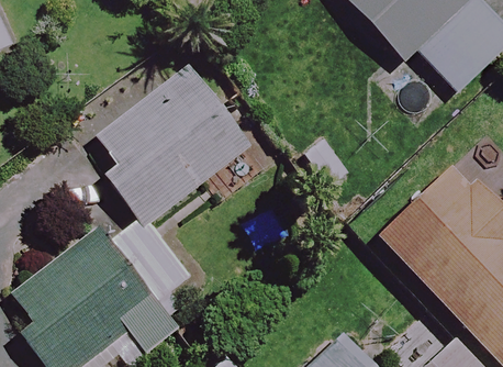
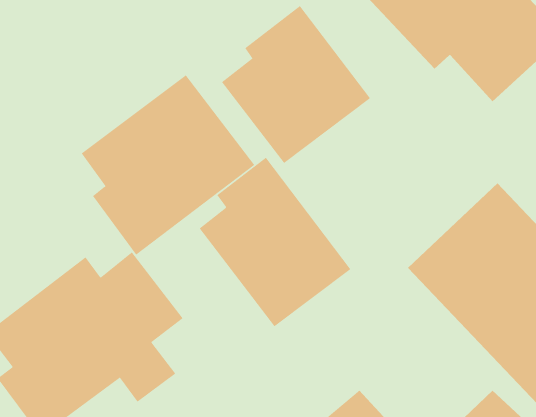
building: none -> [221,5,371,164]
building: none -> [199,157,351,327]

